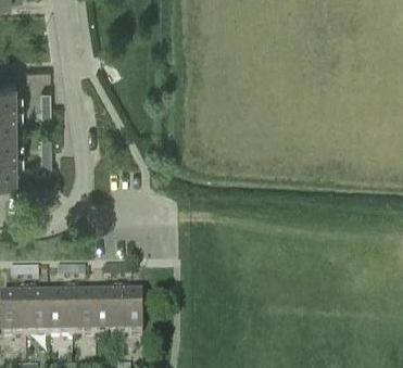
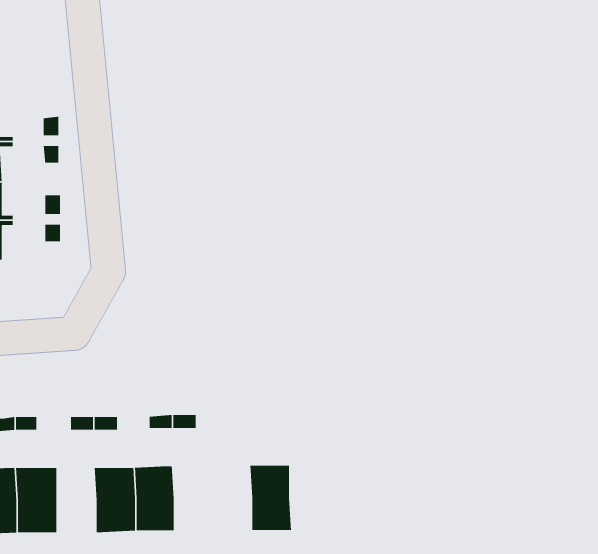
building: [117,291,142,330] -> [250,465,292,531]
building: [49,292,72,331] -> none

